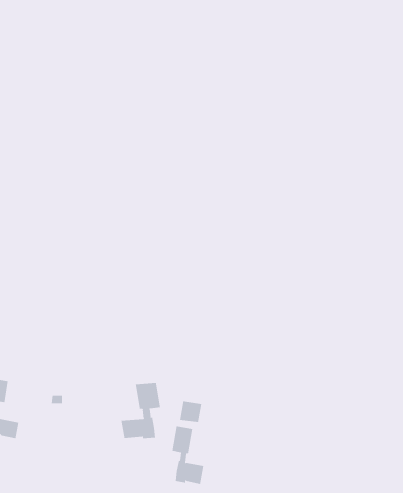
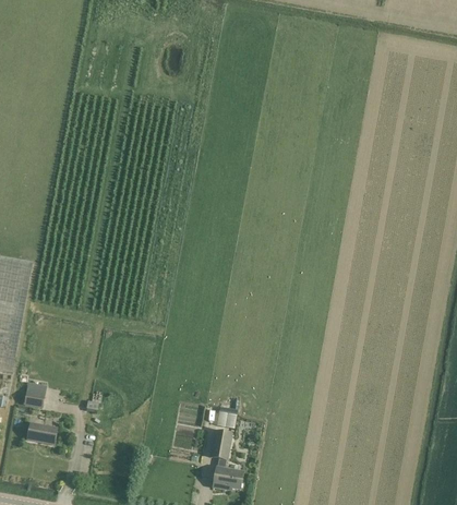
building: [121,382,161,439] -> none

